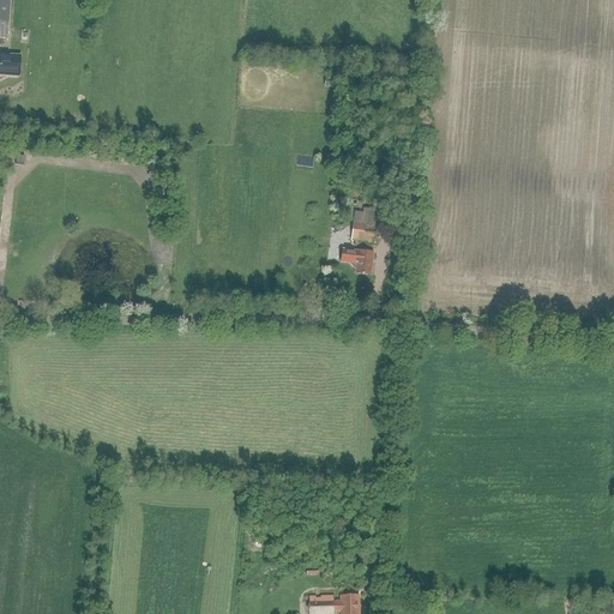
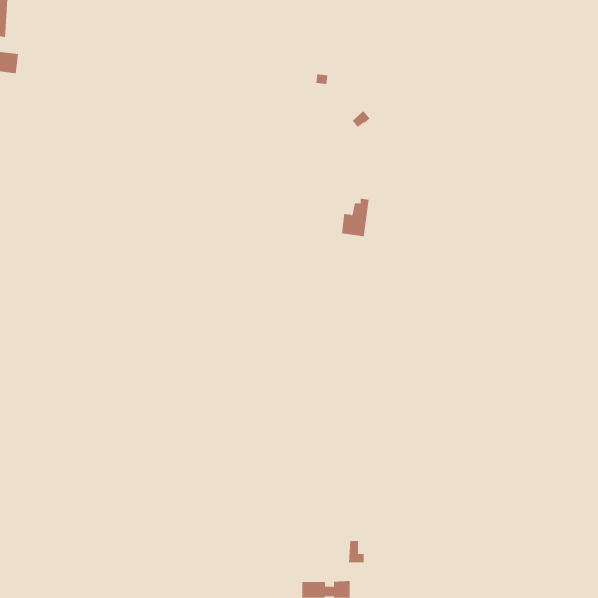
building: [338,248,372,275] -> none

